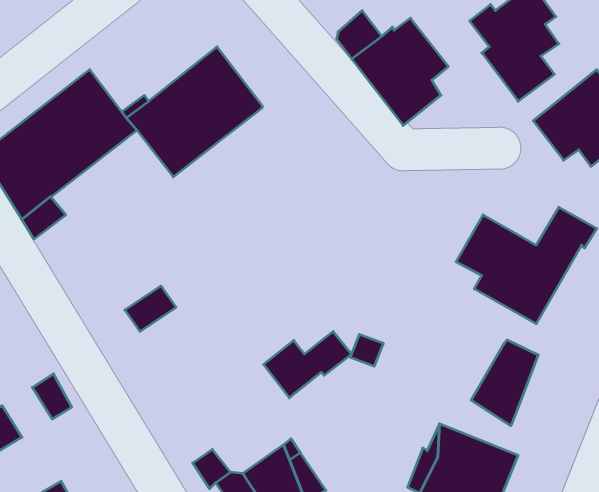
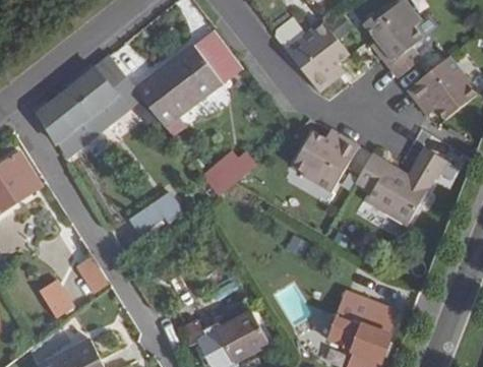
building: none -> [194,26,236,80]
building: none -> [294,130,361,194]
building: [264,331,351,398] -> [198,148,257,193]
building: [471,340,538,426] -> none

